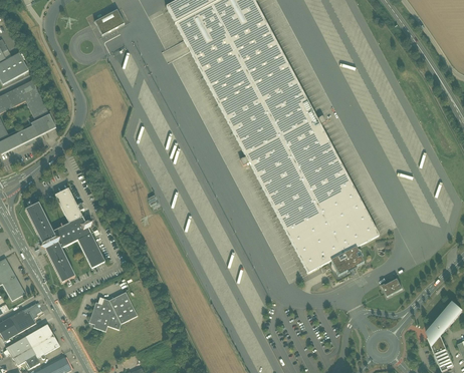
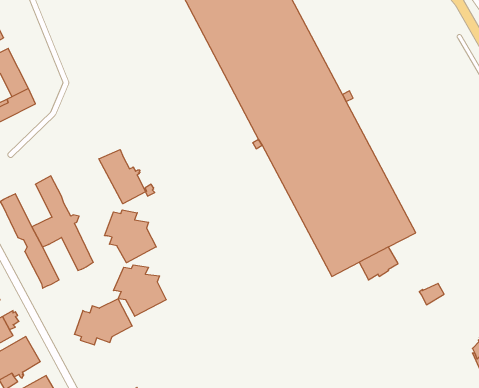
building: none -> [99,150,146,204]
building: none -> [105,210,156,263]
building: none -> [114,265,166,316]

